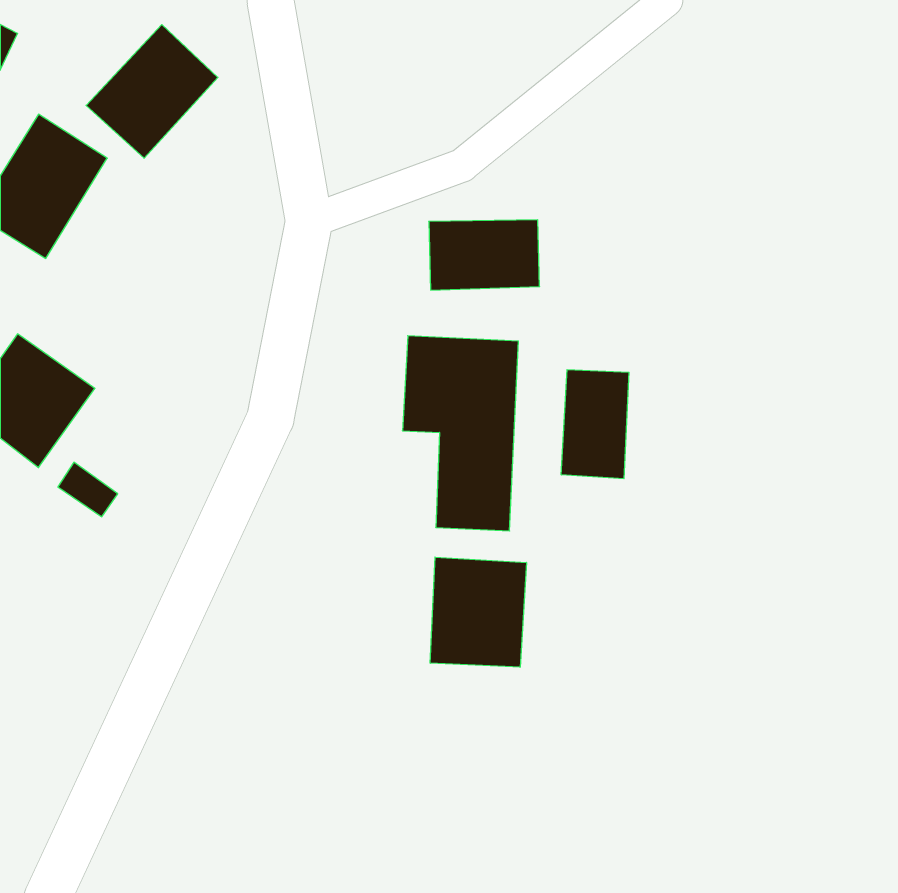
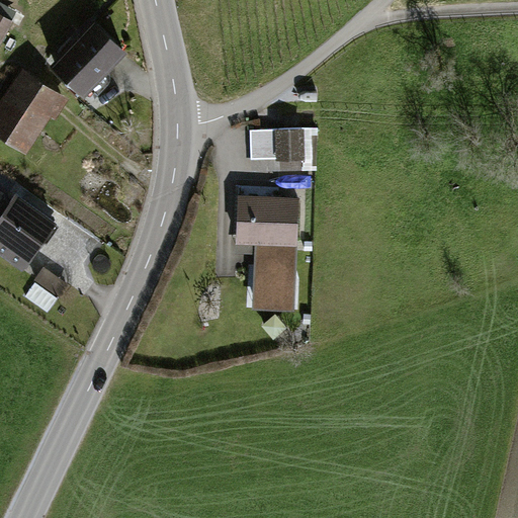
building: [561,370,629,479] -> none
building: [430,557,526,667] -> none

